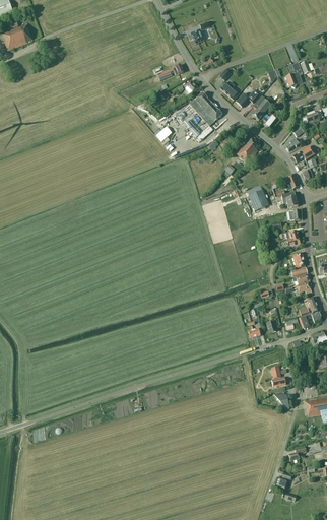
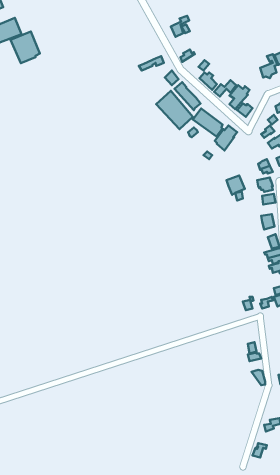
building: none -> [10,31,40,63]
building: none -> [193,109,223,136]

